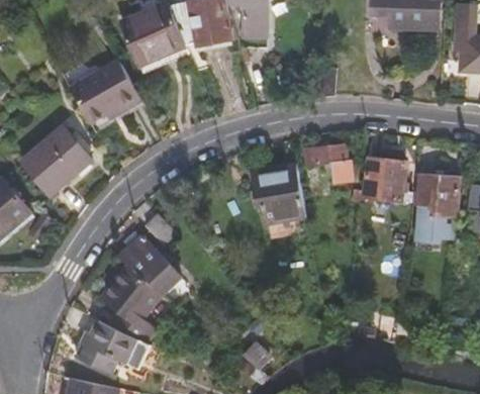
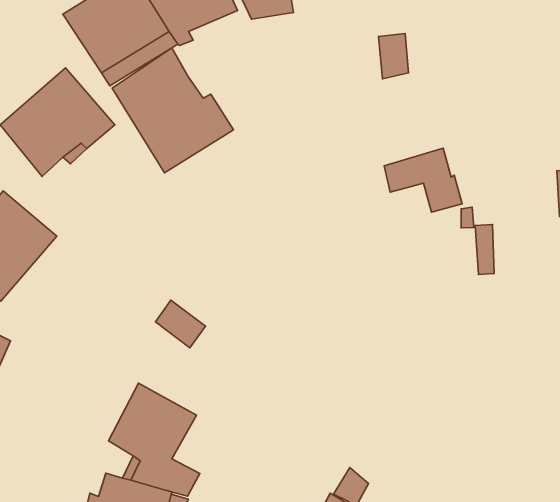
building: none -> [112,48,233,173]
building: [364,156,404,198] -> none
building: [252,160,306,217] -> none
building: [124,236,188,298] -> none

